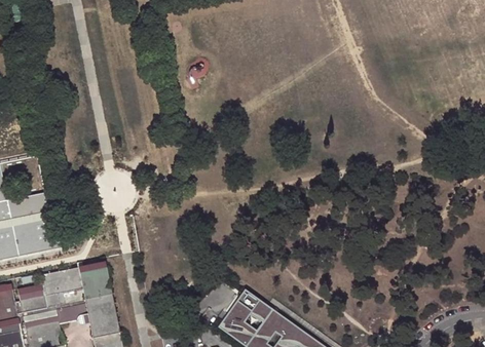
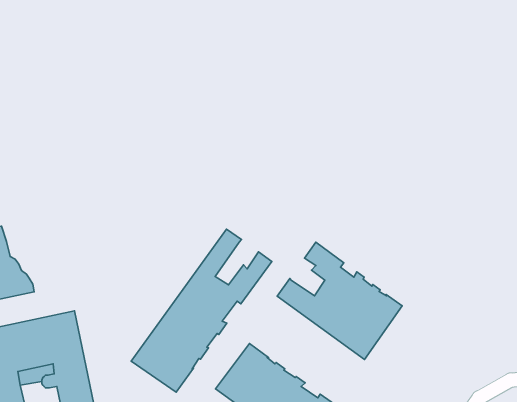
building: none -> [131,229,272,392]
building: none -> [277,242,402,359]

